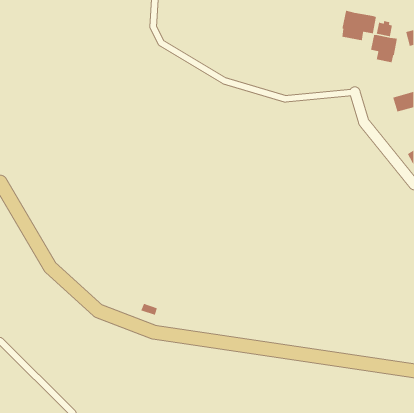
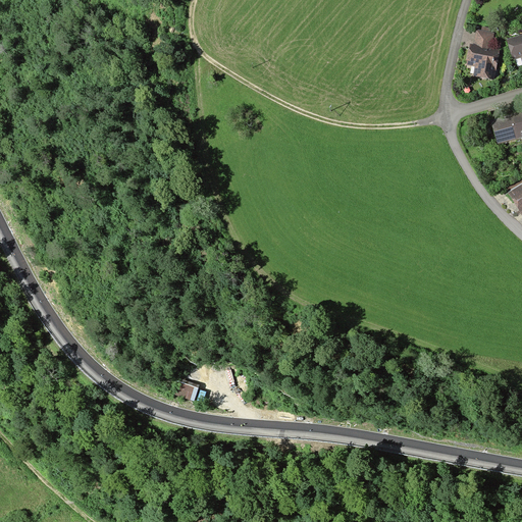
building: [341,10,377,41] -> none

